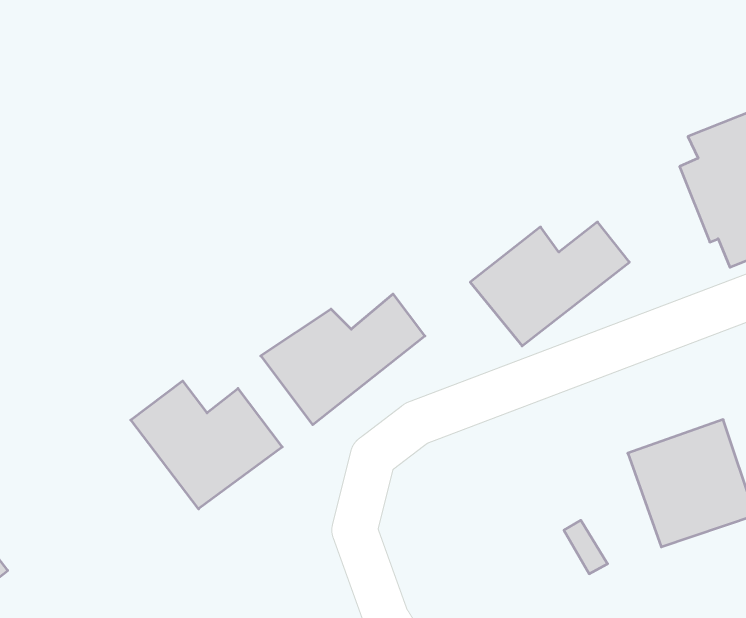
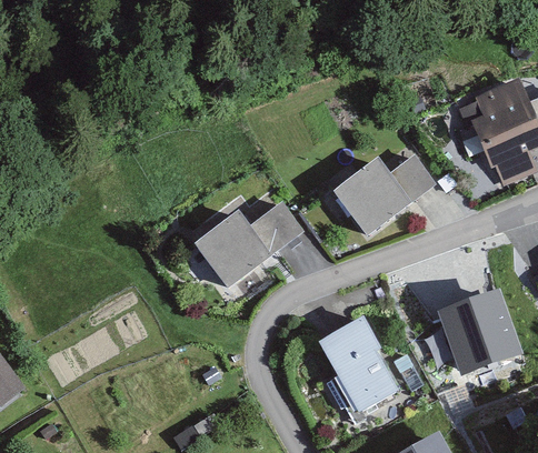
building: [131,381,282,509] -> none
building: none -> [318,318,399,412]

